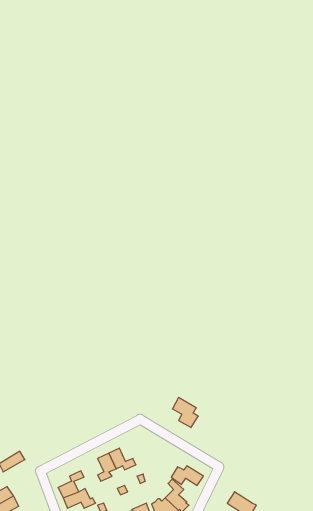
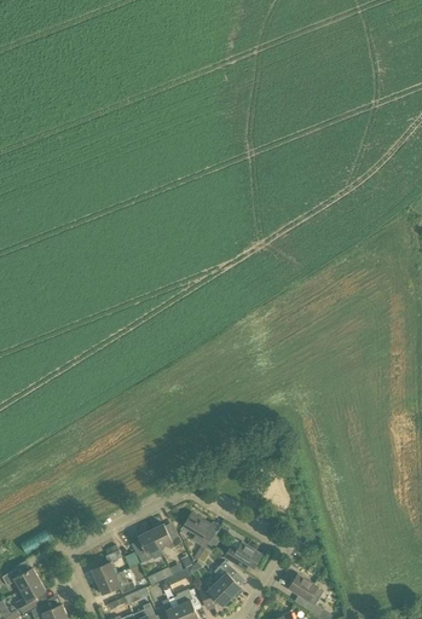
building: [172,398,198,428] -> [183,513,213,548]

